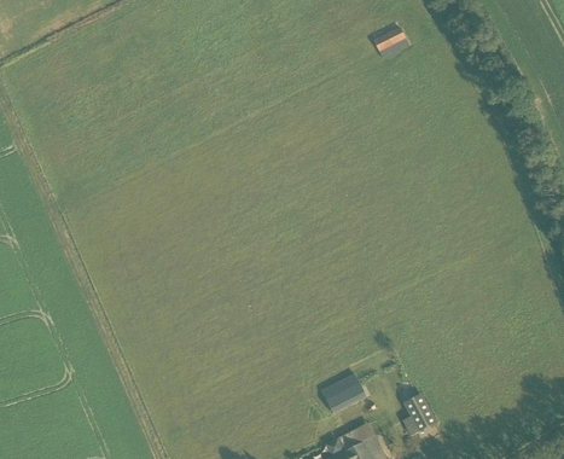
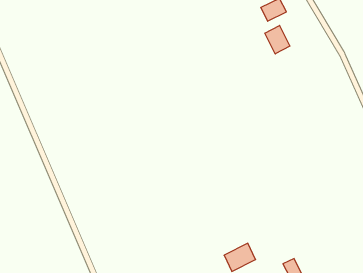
building: none -> [265,25,290,54]

